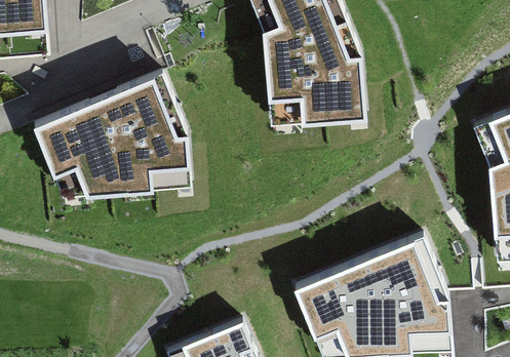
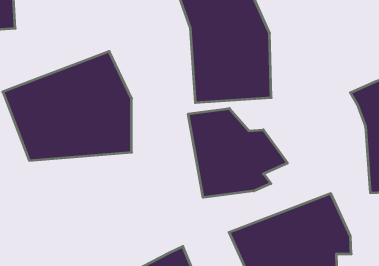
building: none -> [188,108,287,197]

